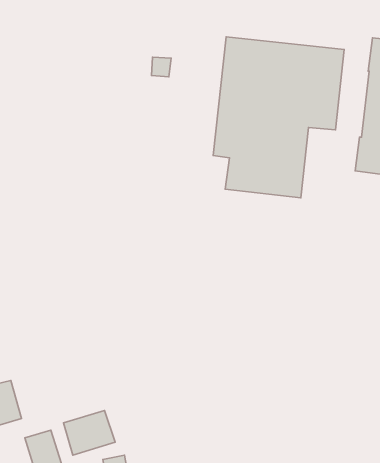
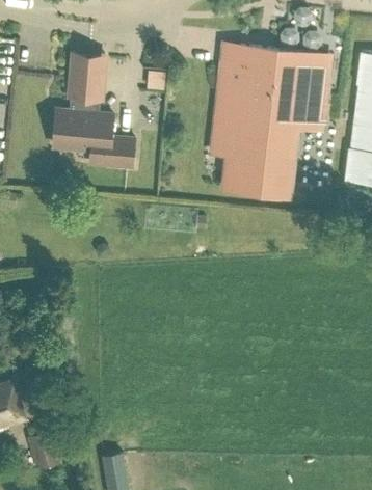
building: none -> [53,56,135,171]
building: [63,410,115,455] -> none

